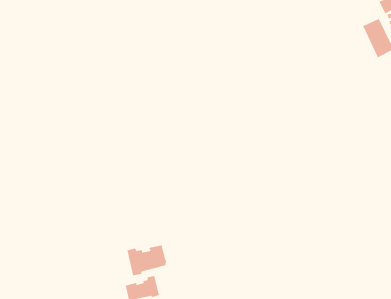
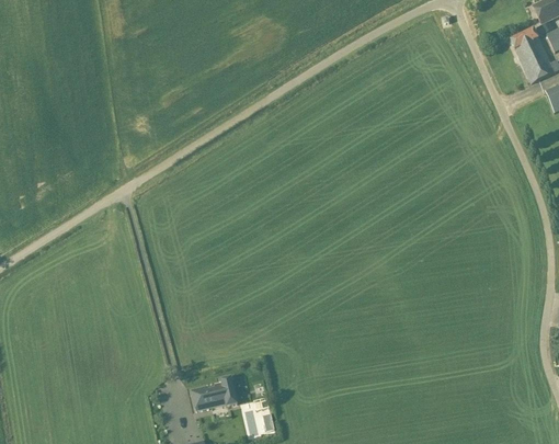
building: [126,245,167,276] -> none

